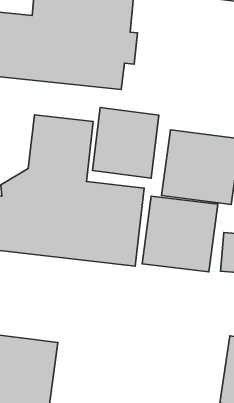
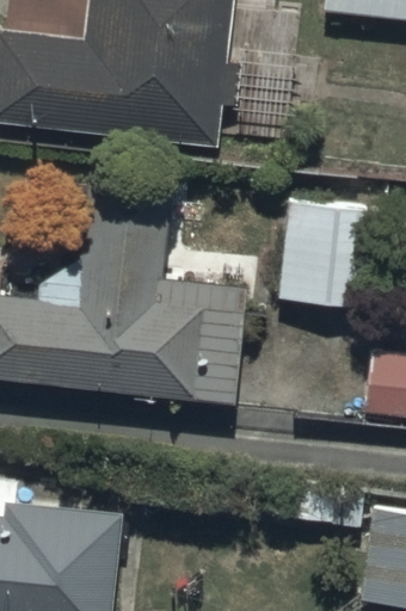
building: [93,107,159,178] -> none
building: [142,196,218,272] -> none

